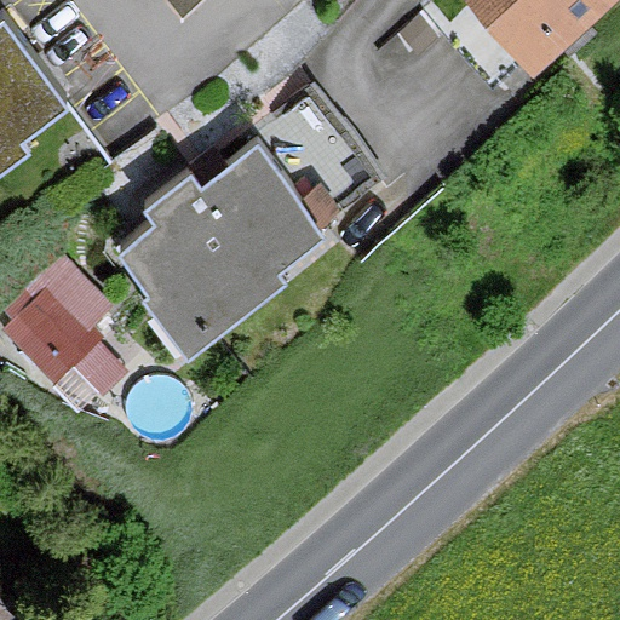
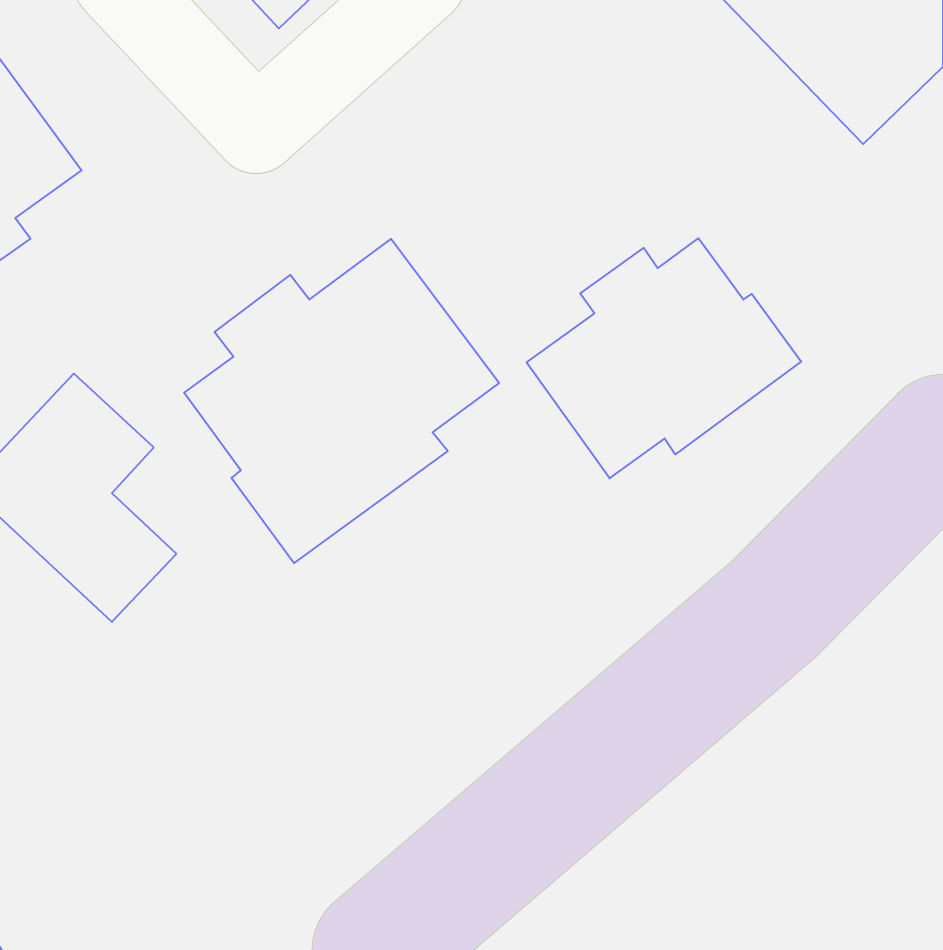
building: none -> [527,238,801,478]

